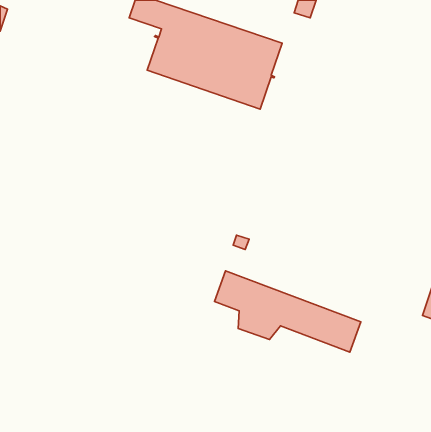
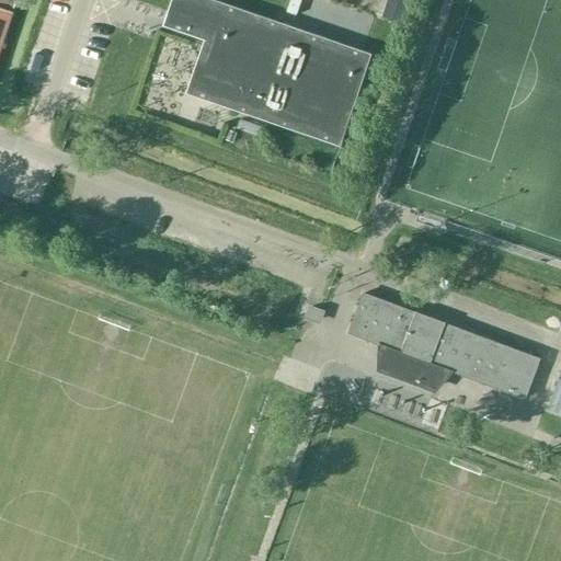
building: [215,271,361,352] -> [350,294,539,399]

